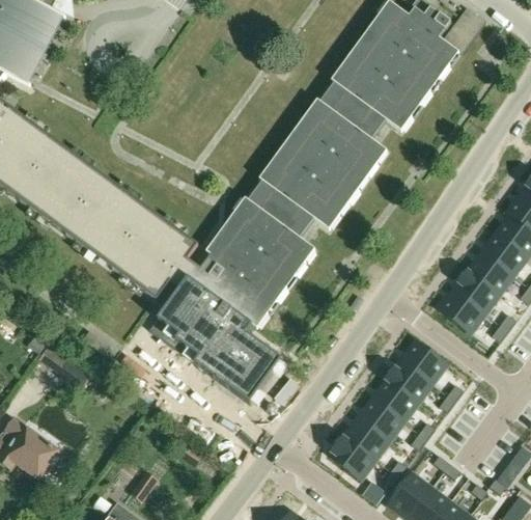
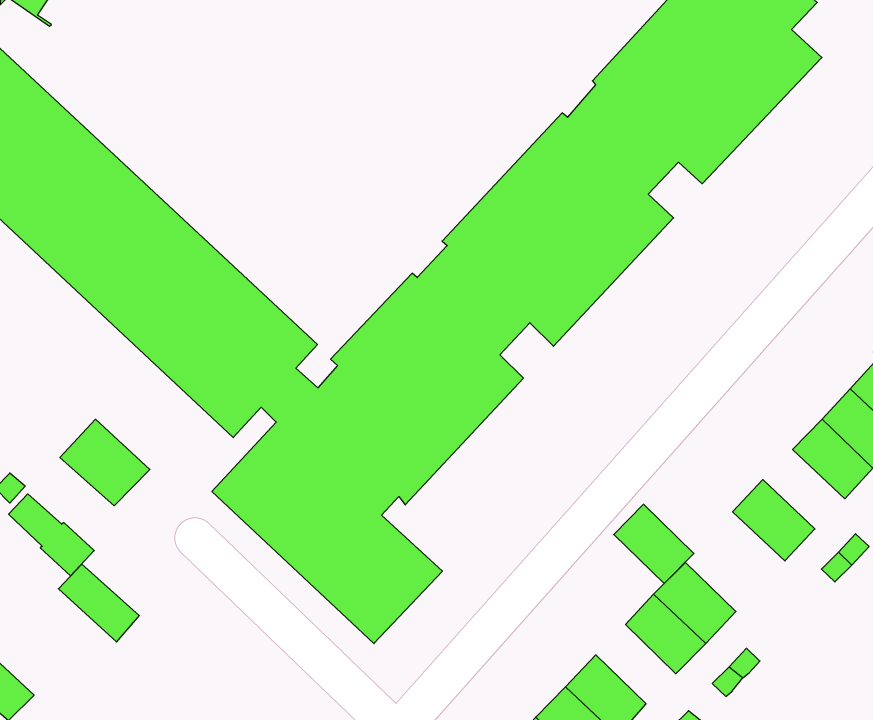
building: [453,270,500,312] -> none
building: none -> [60,419,150,506]
building: [372,378,418,420] -> [614,504,694,584]
building: none -> [58,564,139,642]

